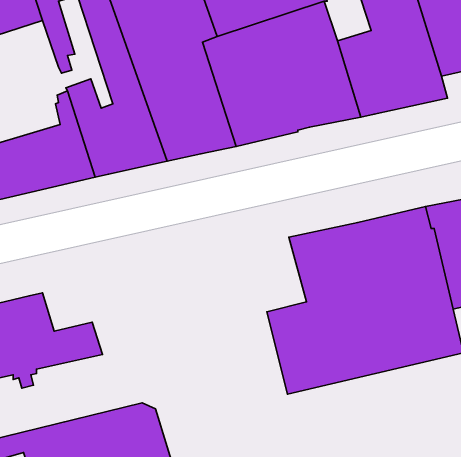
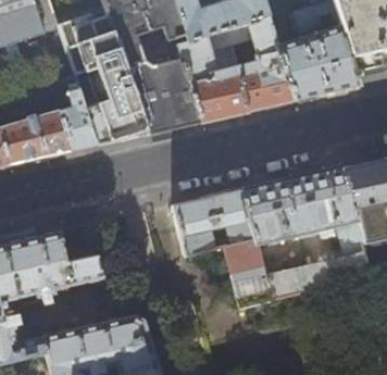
building: none -> [174,190,254,255]

